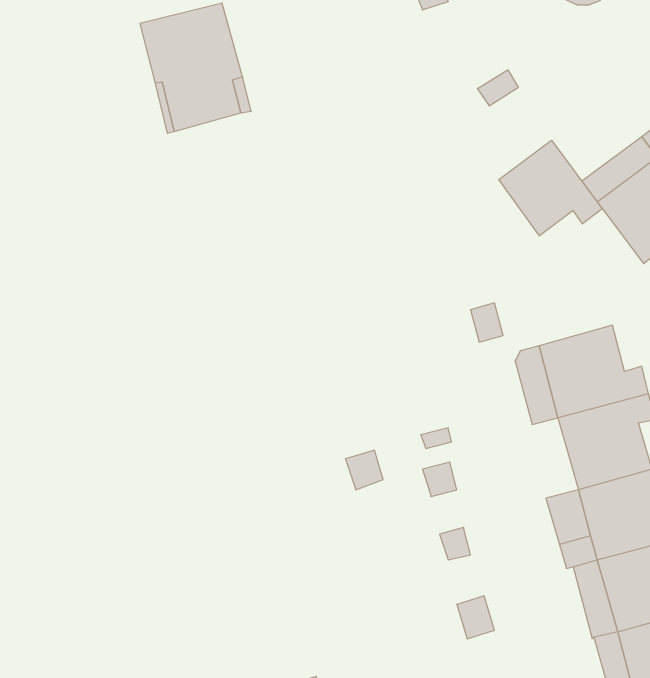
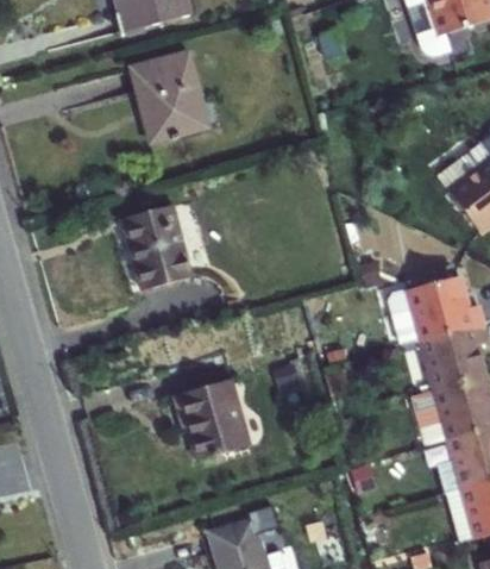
building: [499,140,602,236] -> none
building: none -> [124,204,190,289]
building: none -> [172,379,250,459]

